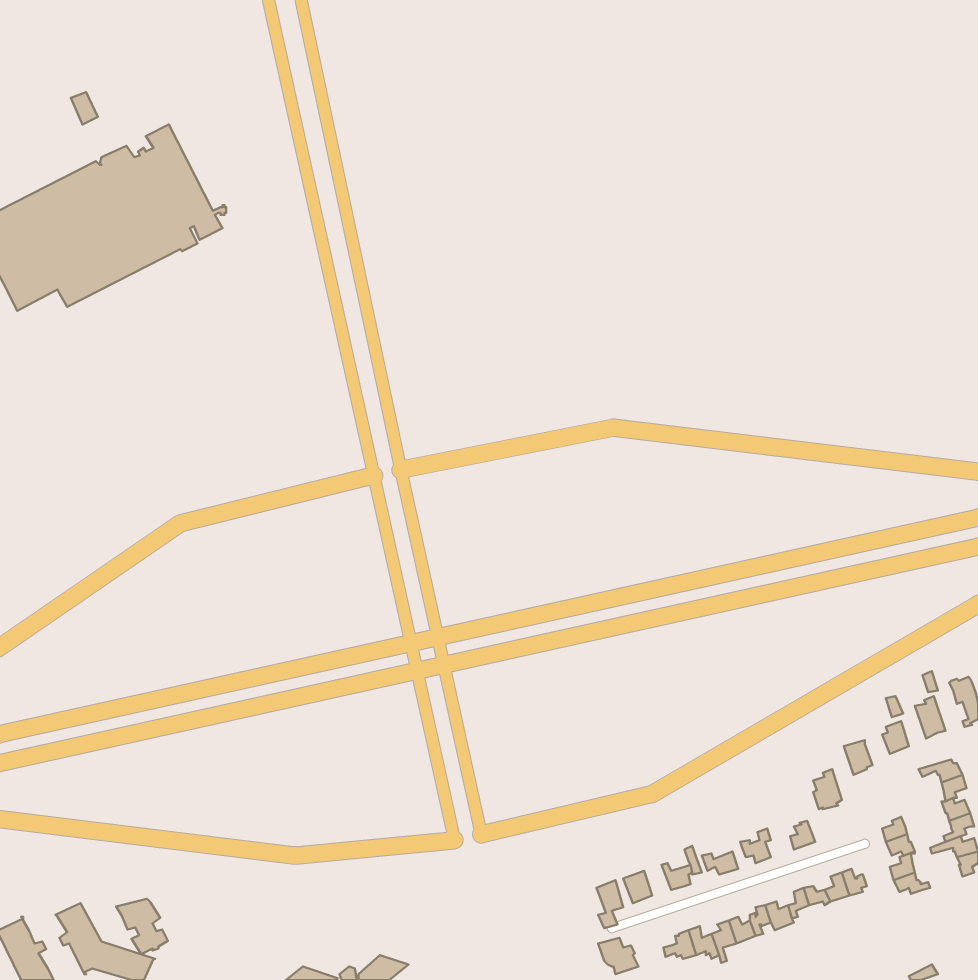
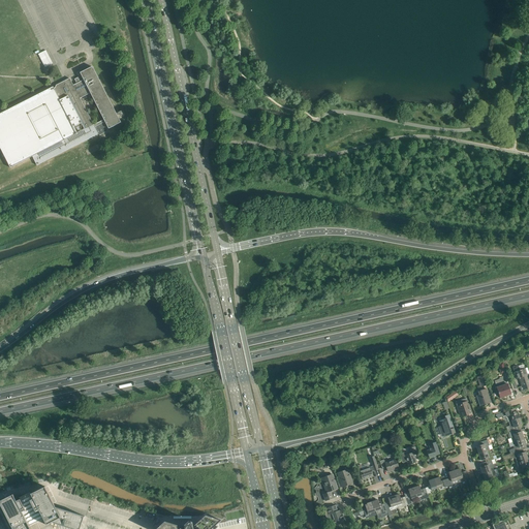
building: [116,899,168,954] -> [12,492,40,522]

